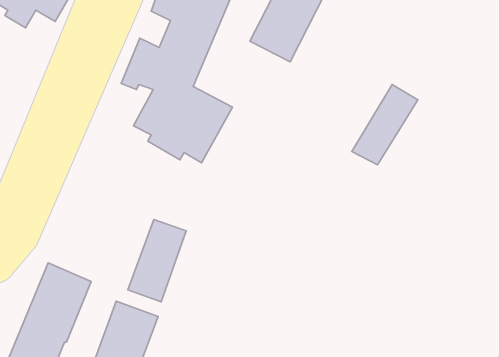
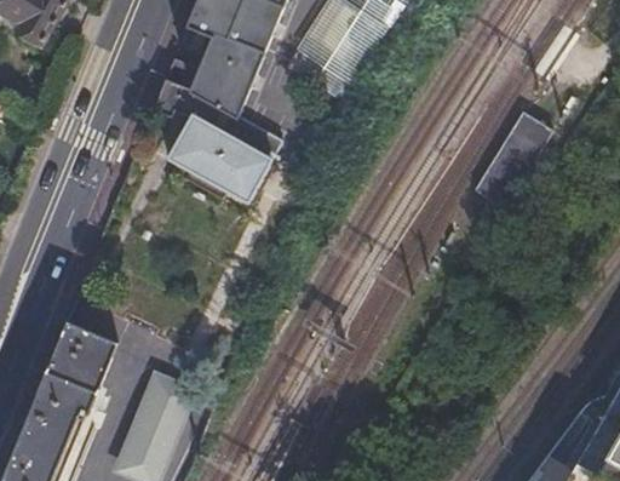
building: [352,84,418,165] -> [475,111,552,206]
building: [128,219,186,302] -> none

